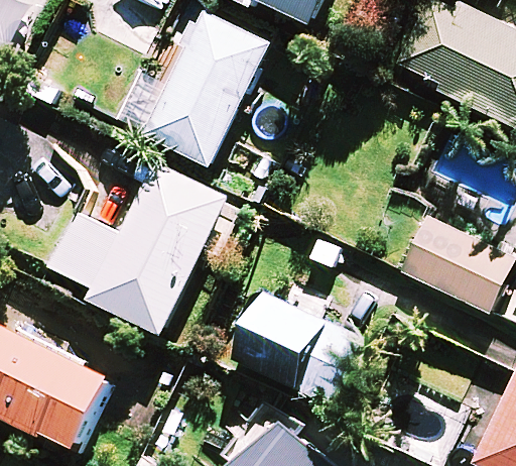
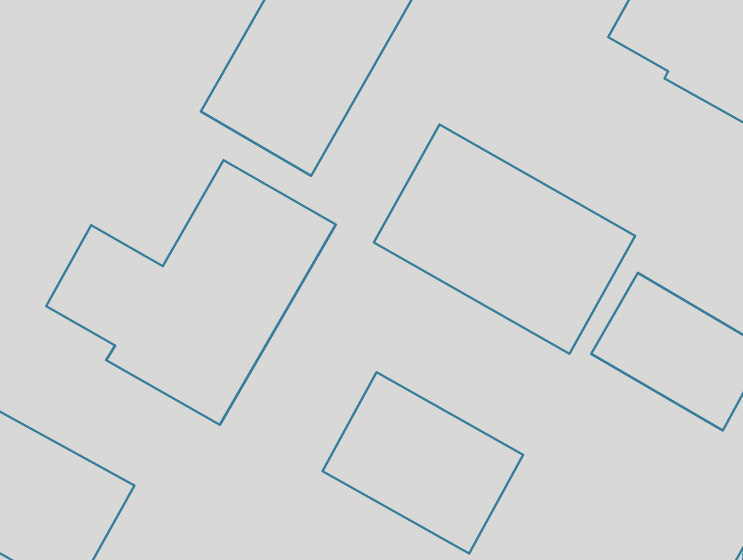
building: none -> [374,125,635,354]

